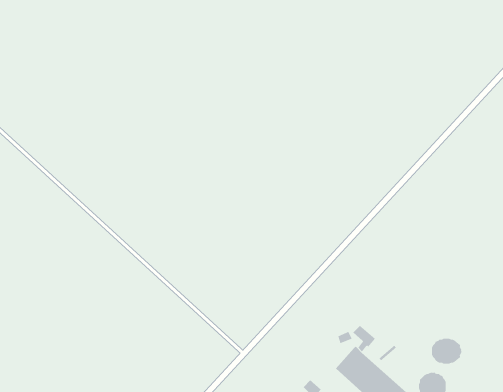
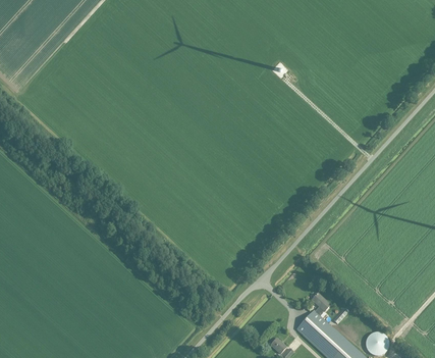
building: [431,338,462,365] -> none

